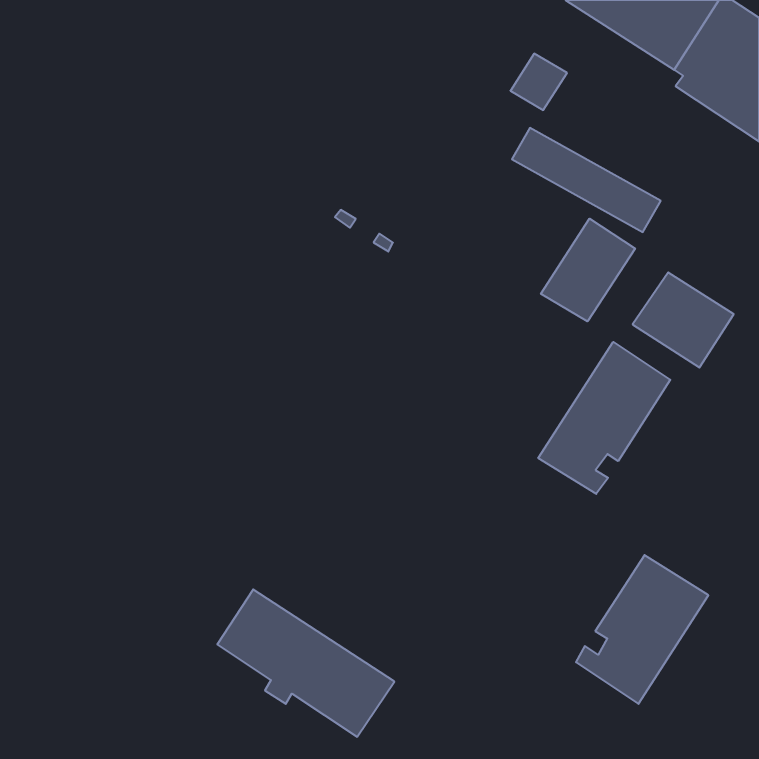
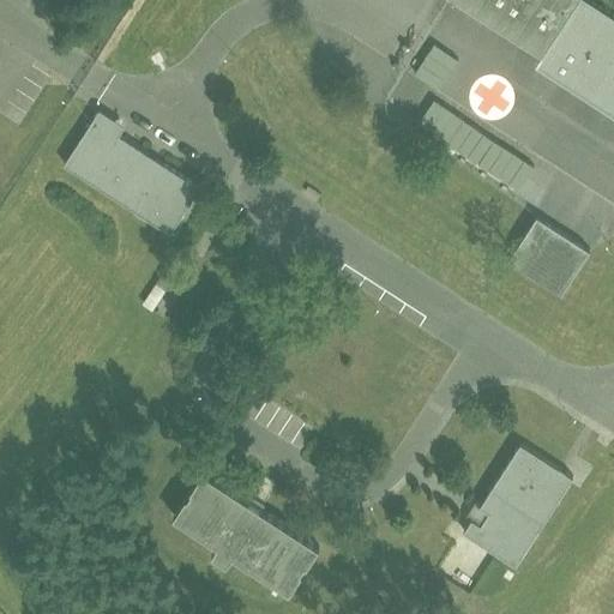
building: none -> [60,118,199,240]
building: [541,219,635,321] -> none
building: [538,342,670,494] -> none

